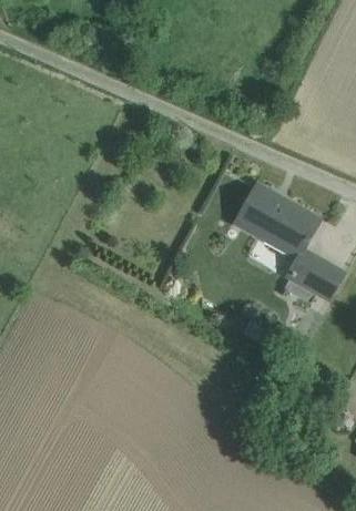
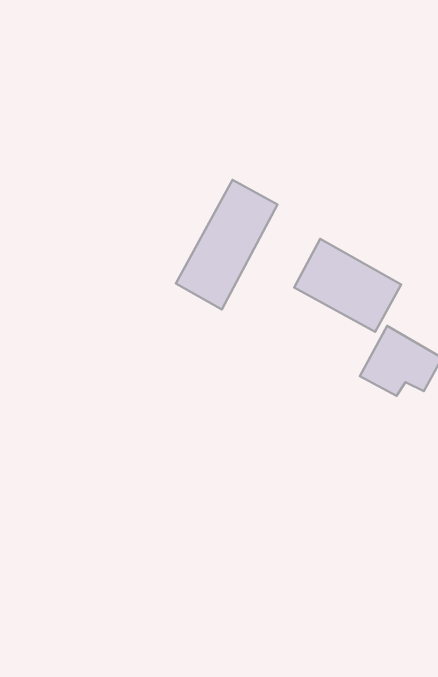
building: none -> [176,180,278,310]

